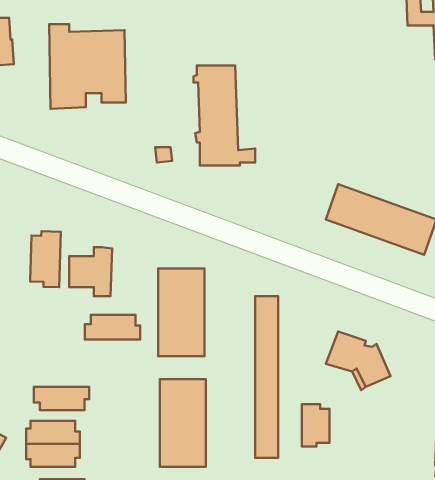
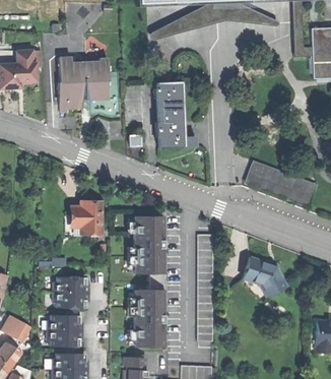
building: [30,231,61,287] -> none
building: [85,315,140,339] -> [51,278,87,295]
building: [302,404,330,447] -> none

